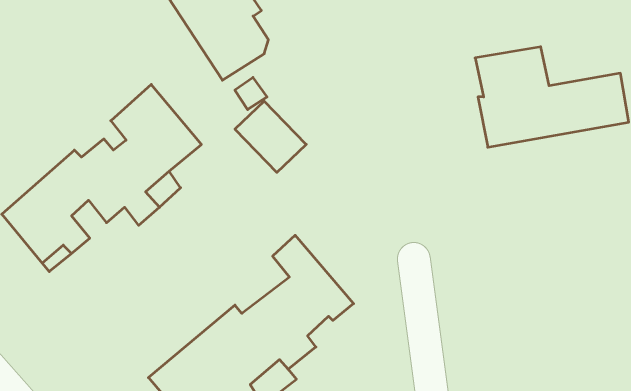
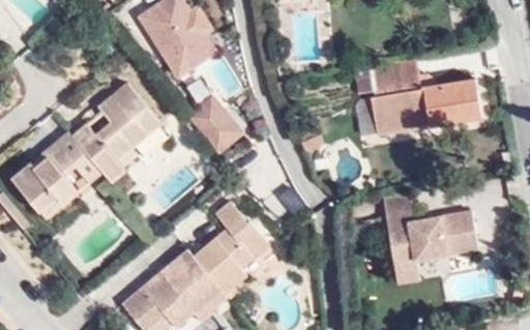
building: none -> [382,191,477,283]

